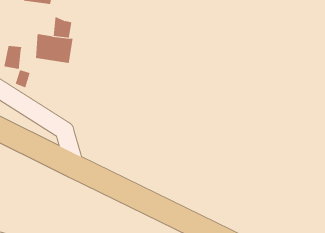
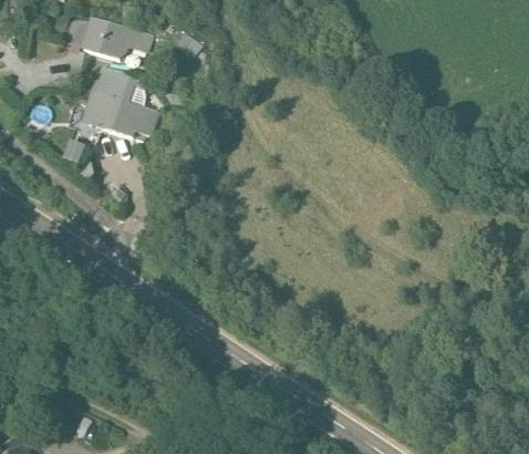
building: [3,45,22,69] -> [95,69,124,103]

